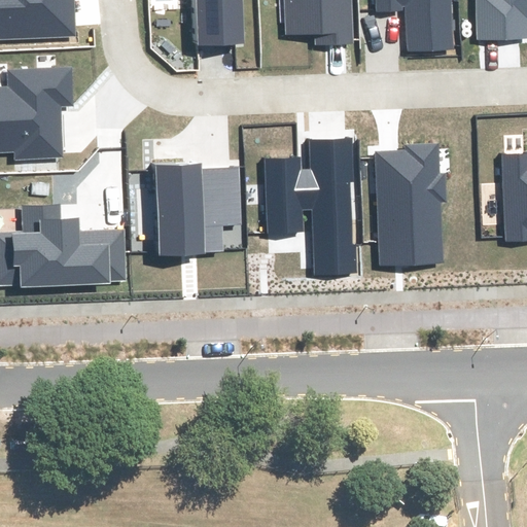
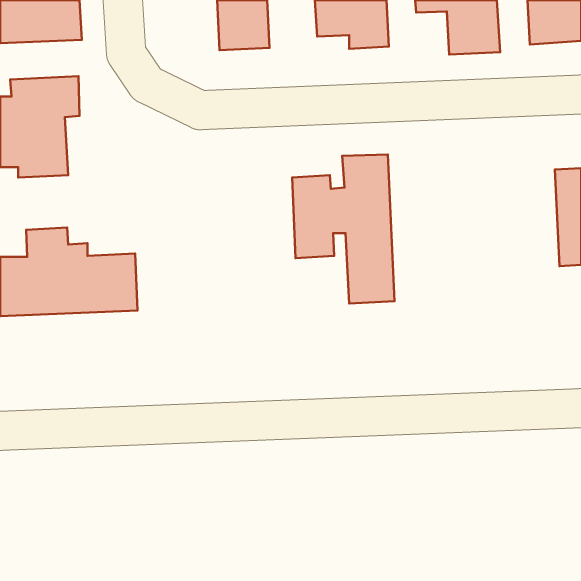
building: [377,144,446,265] -> none
building: [155,165,240,254] -> none

